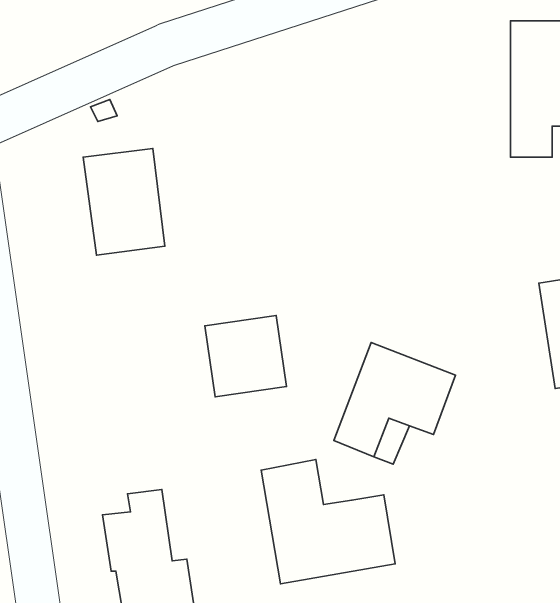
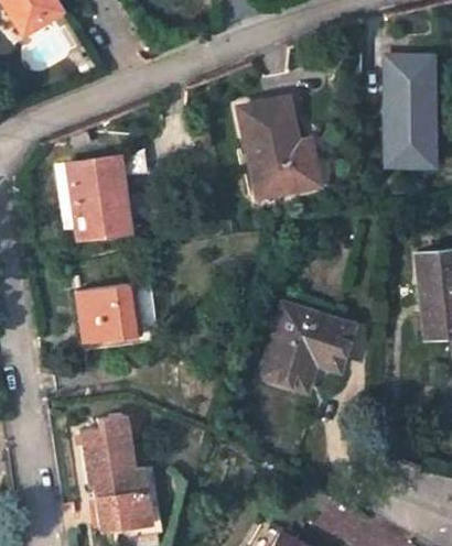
building: none -> [241,94,320,194]
building: [205,315,286,397] -> [82,284,142,345]
building: [261,460,395,584] -> none

